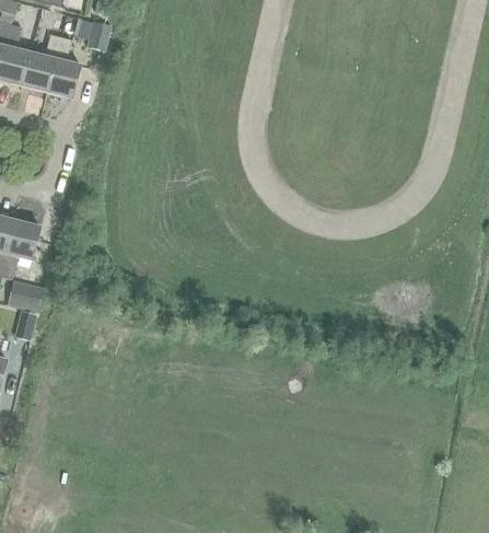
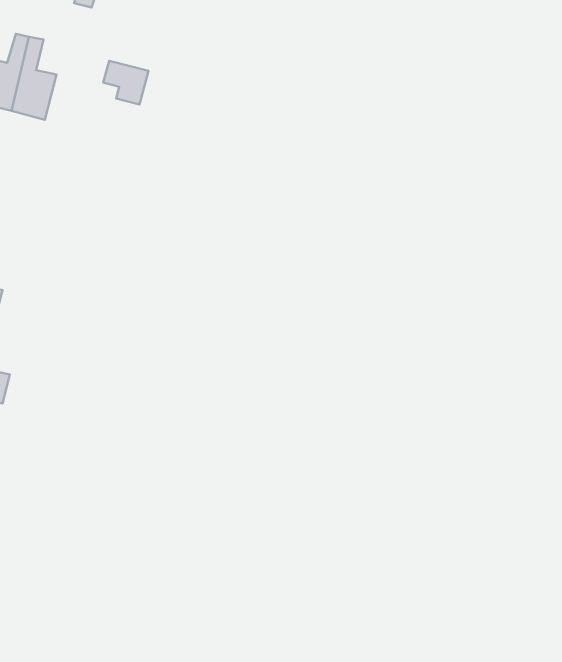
building: [75,19,109,51] -> [103,61,148,104]

